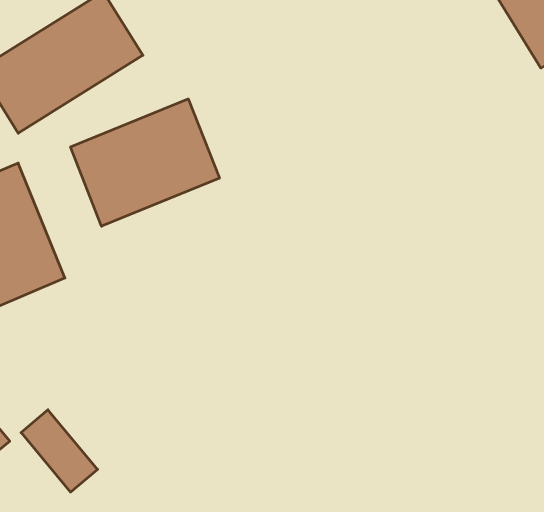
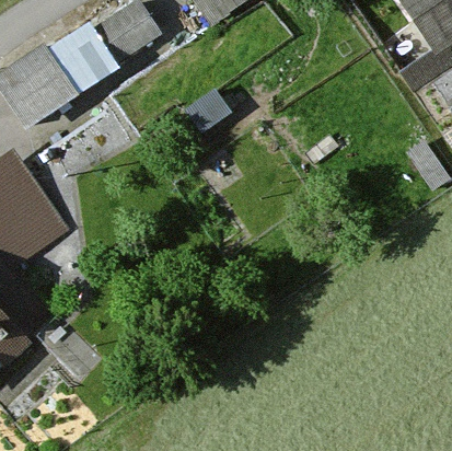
building: [71,99,219,226] -> none

